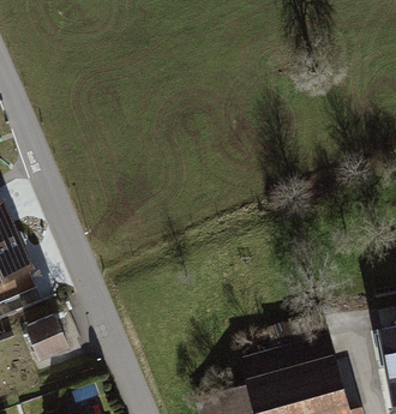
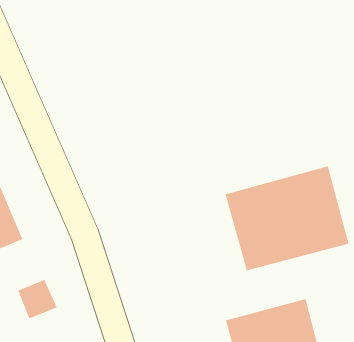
building: none -> [225,165,349,271]

